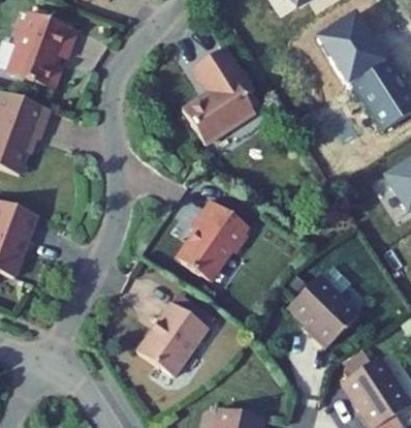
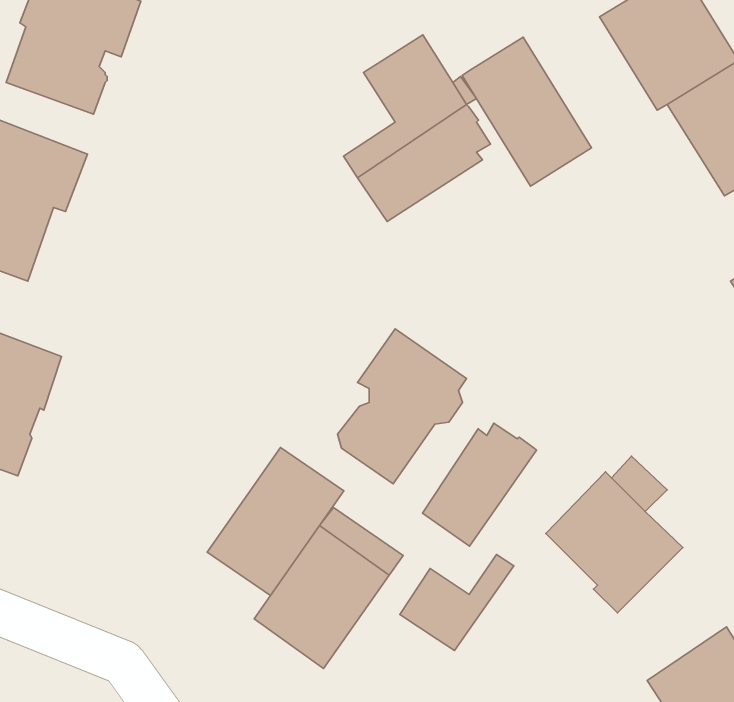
building: none -> [462,37,592,186]
building: none -> [422,423,536,546]
building: none -> [207,447,344,596]
building: none -> [400,554,514,651]

